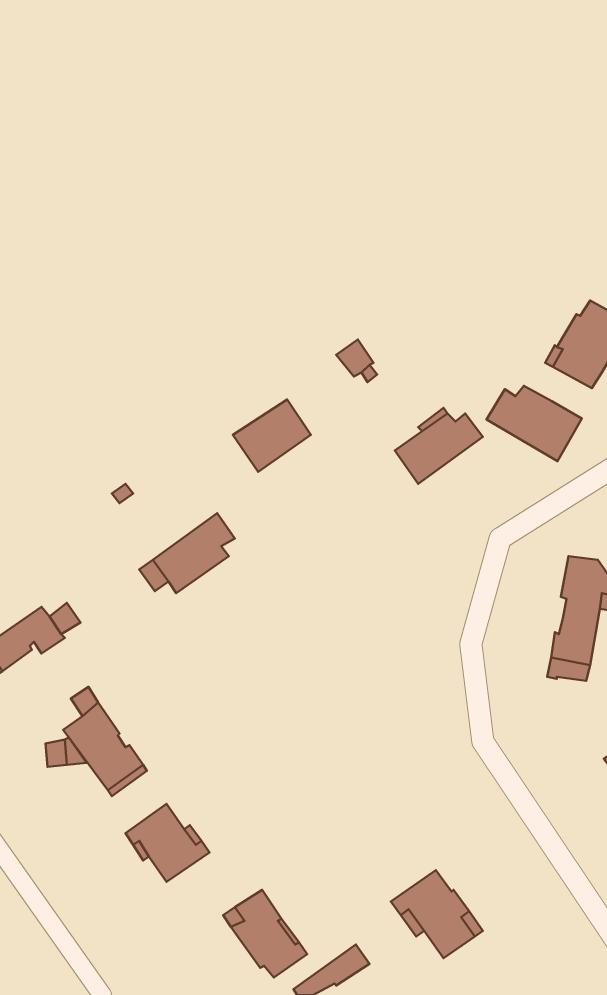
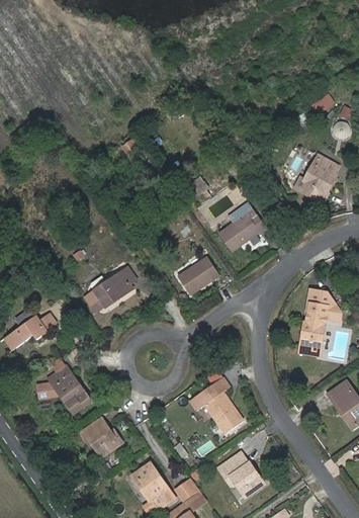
building: [486,386,582,461] -> none
building: [233,400,311,472] -> [178,257,218,294]
building: none -> [190,376,243,433]

